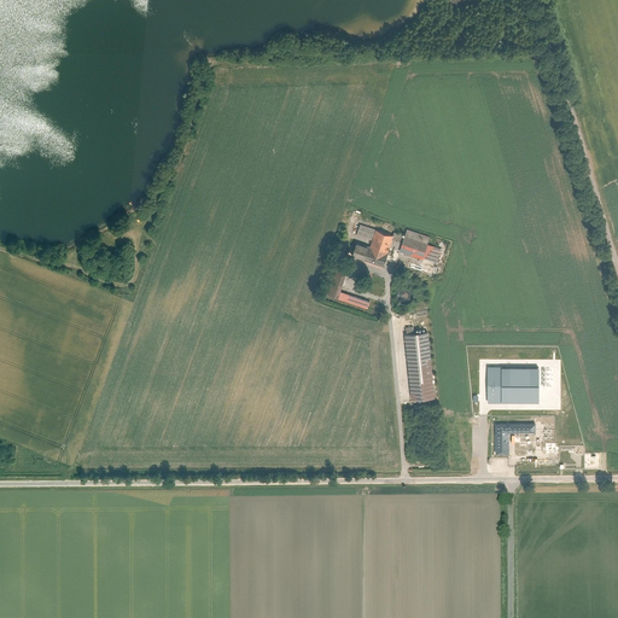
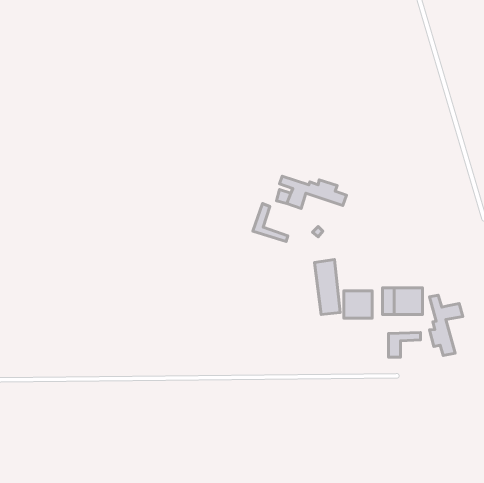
building: none -> [344,291,372,318]
building: none -> [430,295,463,356]

